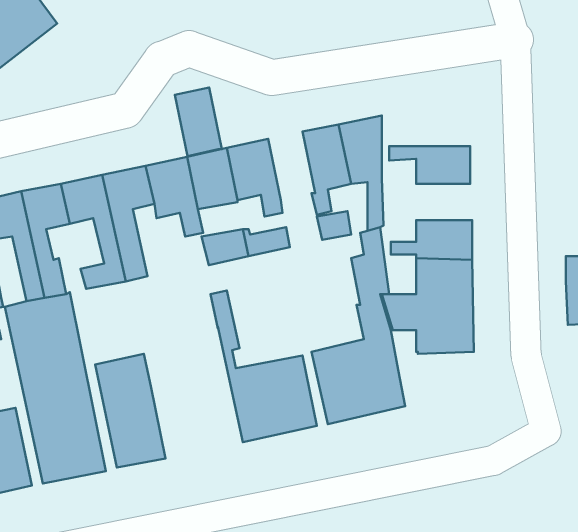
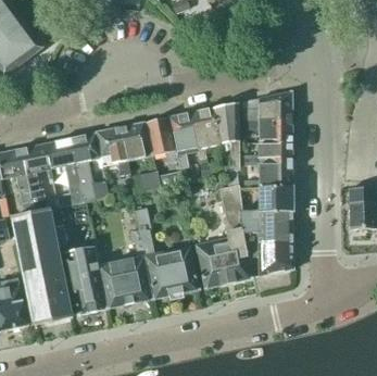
building: [175,88,222,156] -> [169,112,198,153]
building: none -> [242,91,291,121]
building: none -> [243,143,292,165]
building: none -> [99,229,154,309]
building: none -> [247,242,293,276]

